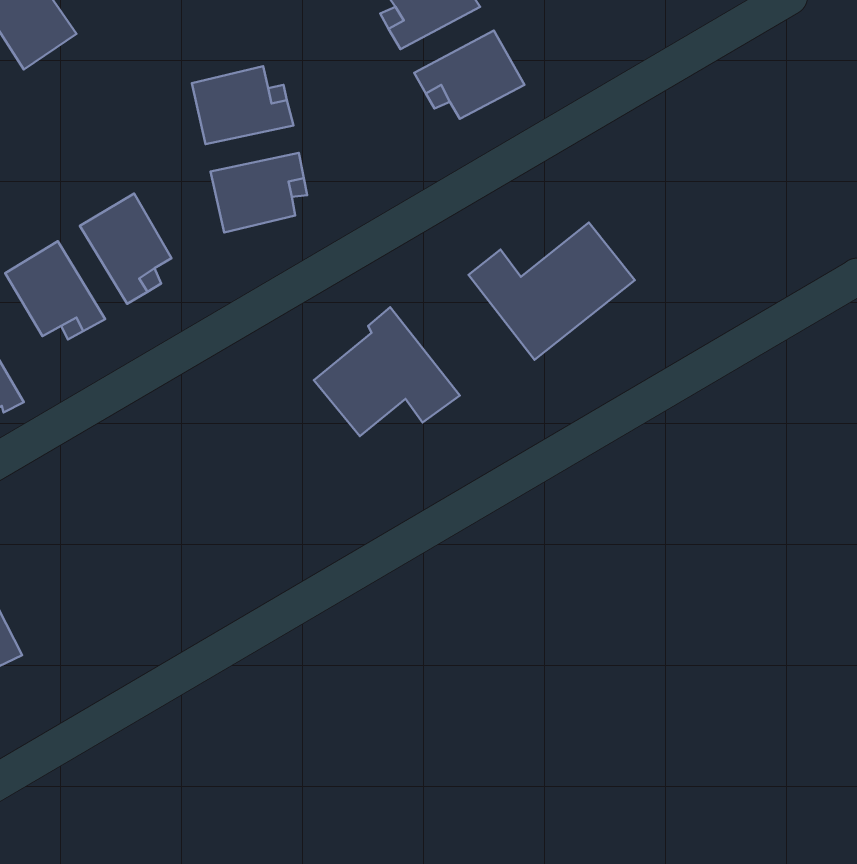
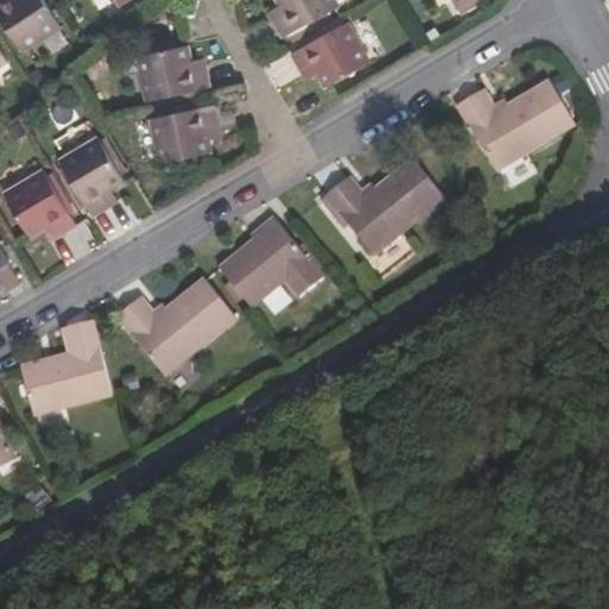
building: none -> [459,82,575,170]
building: none -> [119,278,237,373]
building: none -> [24,322,112,412]

